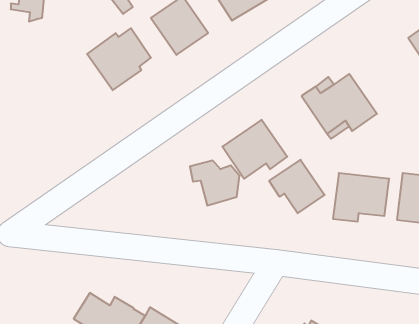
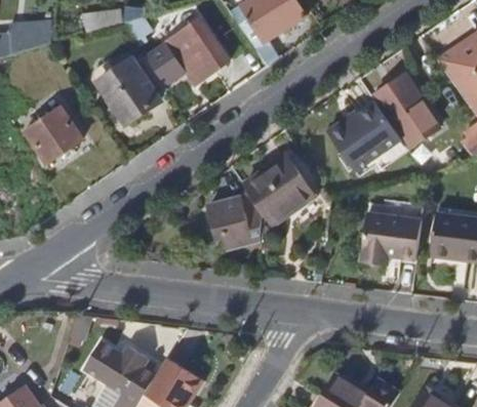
building: none -> [375,74,441,147]
building: none -> [24,107,84,166]
building: [269,160,325,213] -> none

